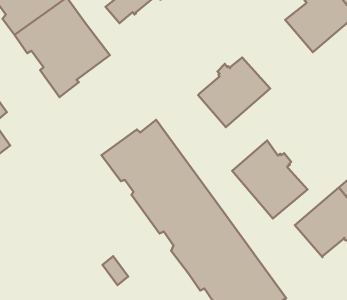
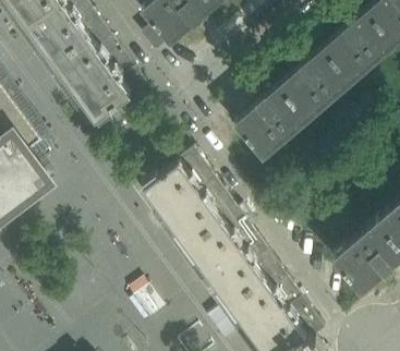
building: none -> [281,50,353,120]
building: [232,141,308,219] -> none

